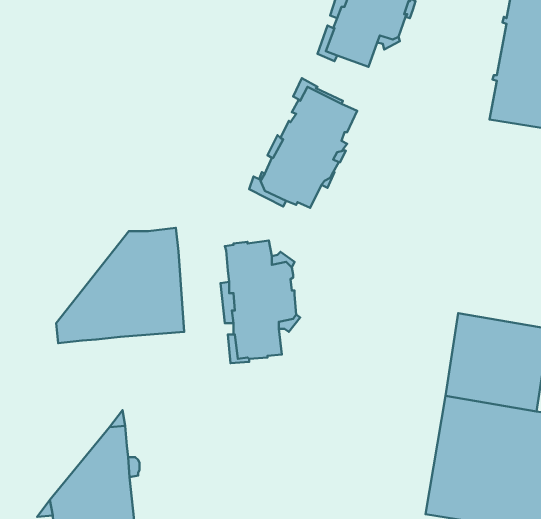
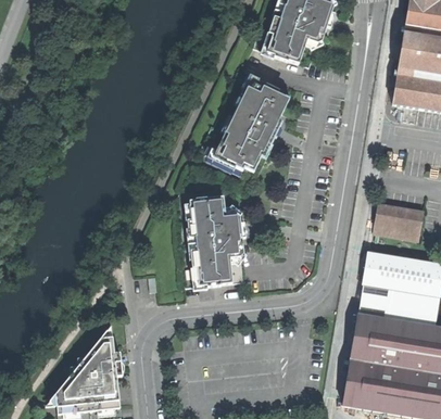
building: [56,228,184,343] -> none
building: none -> [374,203,423,239]

